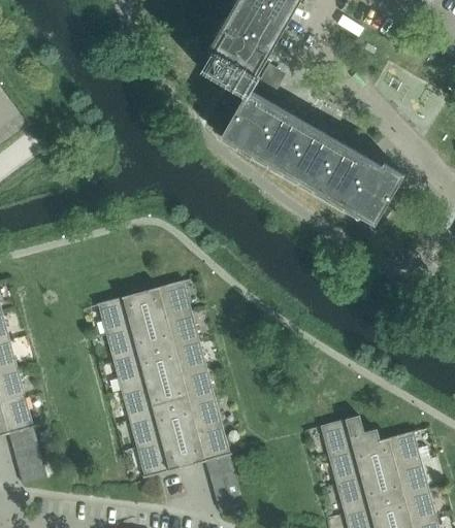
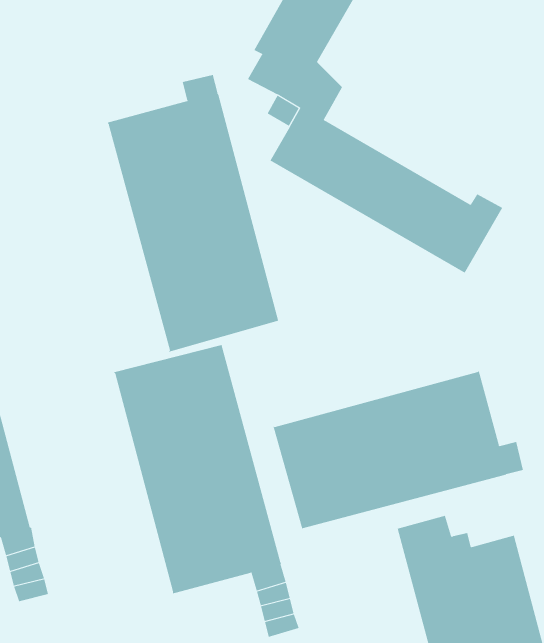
building: none -> [107,74,279,352]
building: none -> [273,370,523,529]

